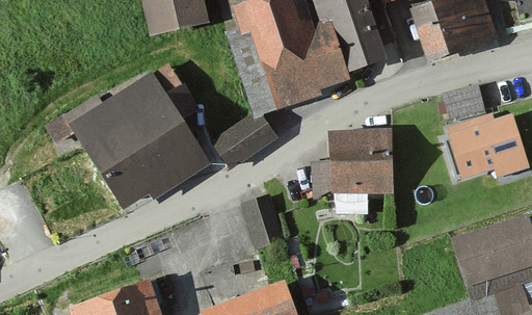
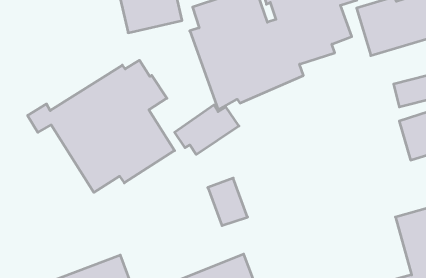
building: [326,131,390,215] -> none

